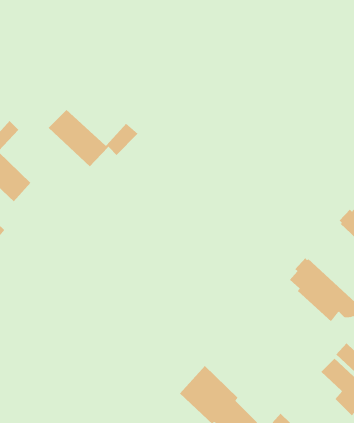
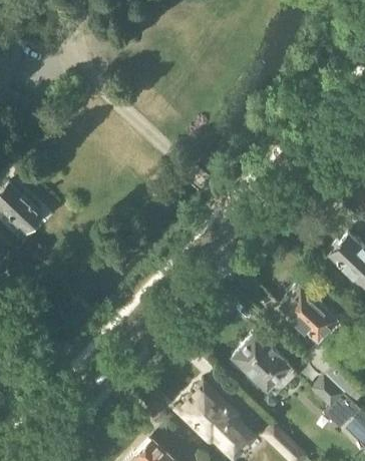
building: [48,109,138,167] -> none
building: none -> [232,334,297,398]

